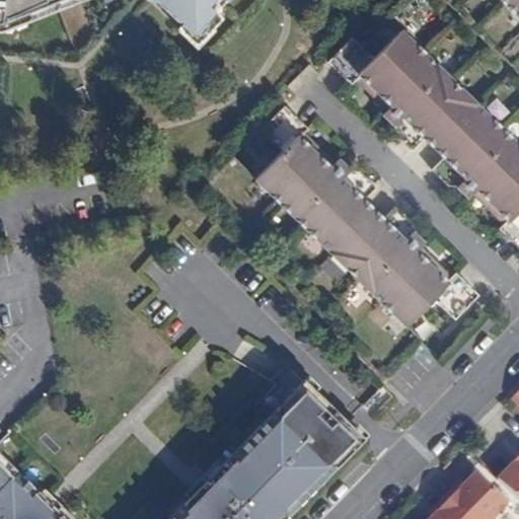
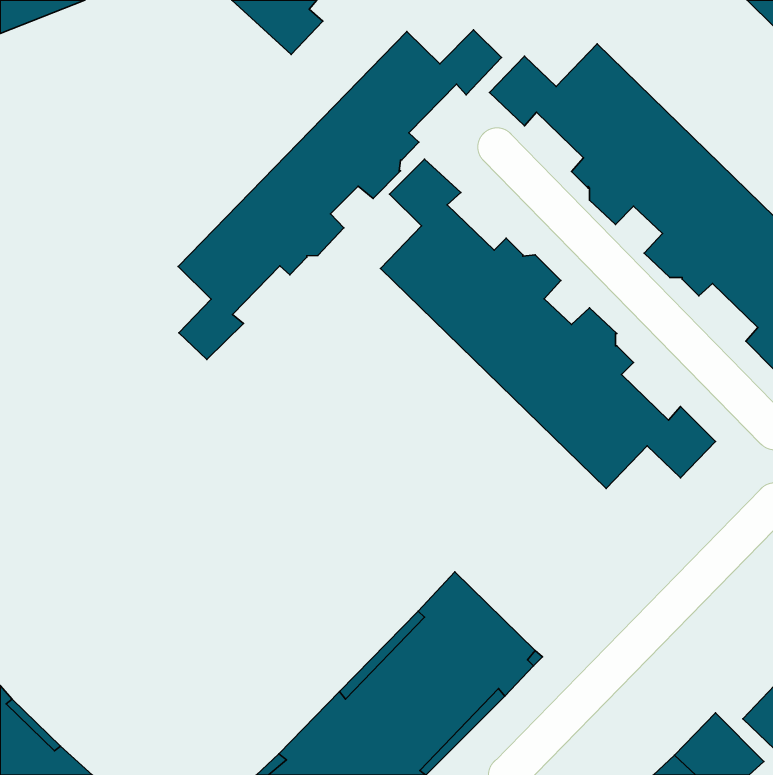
building: none -> [178,30,502,359]

